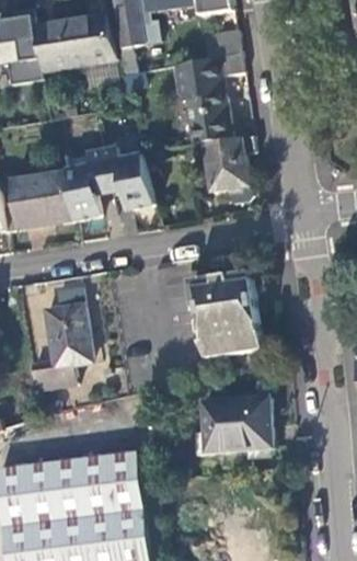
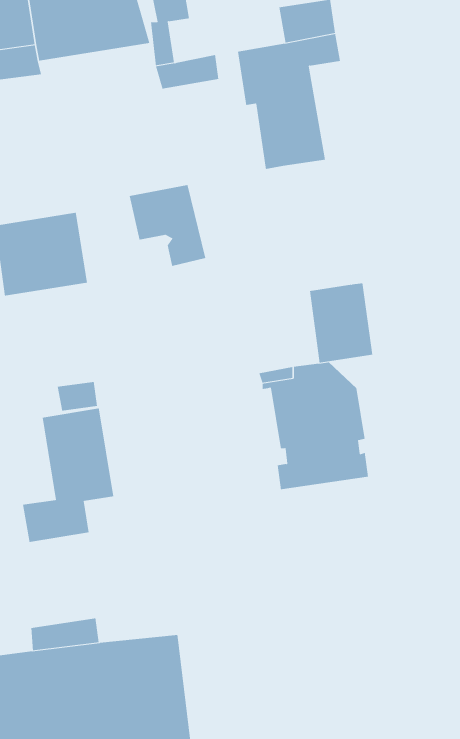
building: [205,137,247,191] -> [309,283,373,363]
building: [66,162,108,220] -> none
building: [203,398,273,454] -> none

